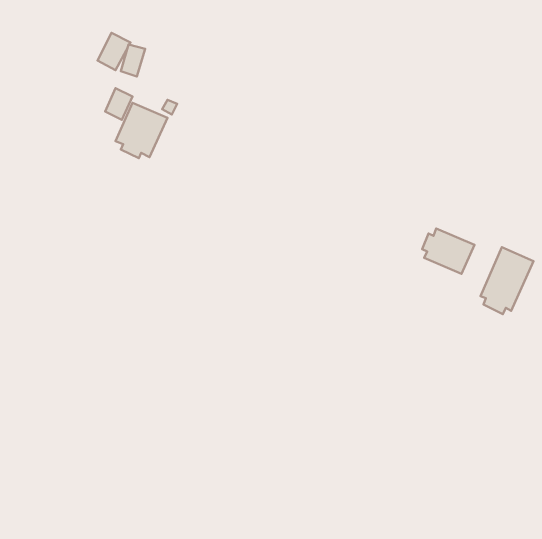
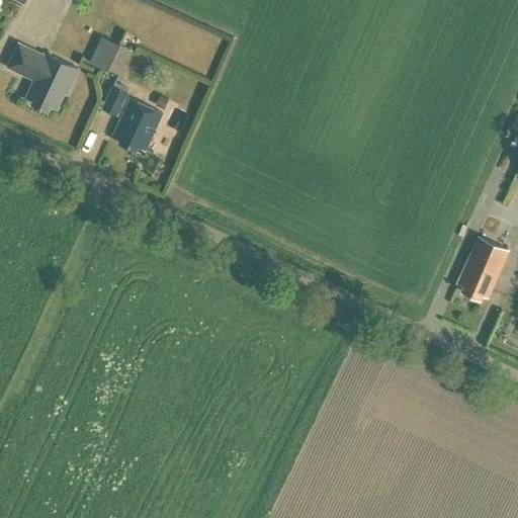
building: none -> [6,45,77,113]
building: [422,229,475,274] -> none

